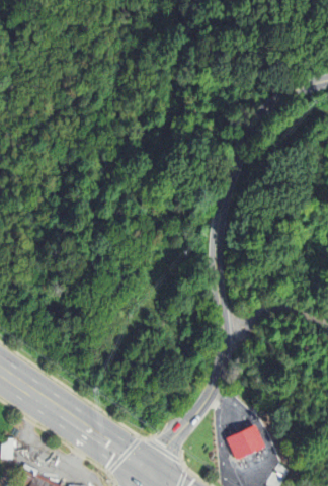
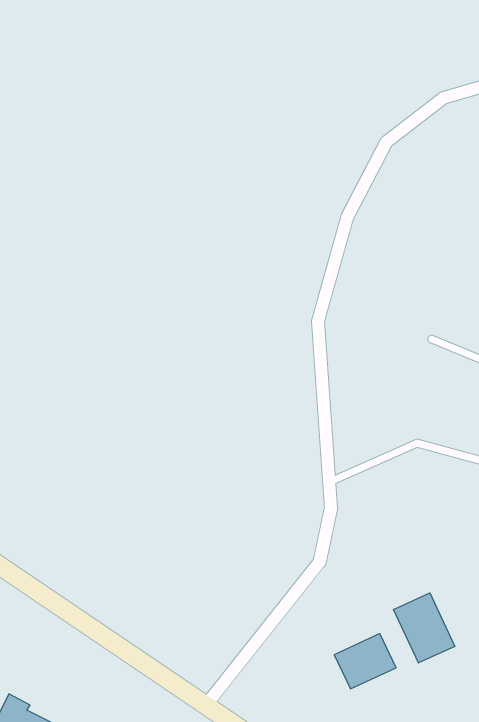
building: none -> [394,593,455,663]

